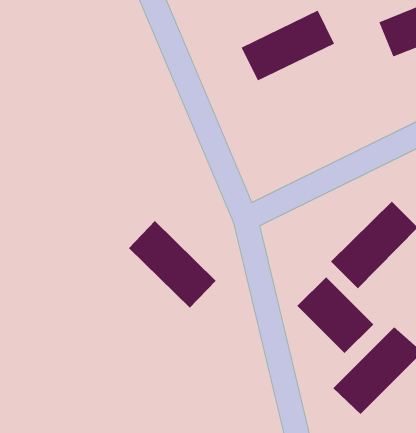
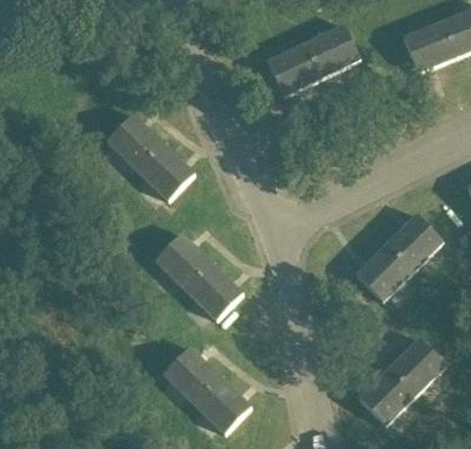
building: none -> [106,113,194,201]
building: [296,277,374,354] -> none
building: none -> [163,346,251,433]

